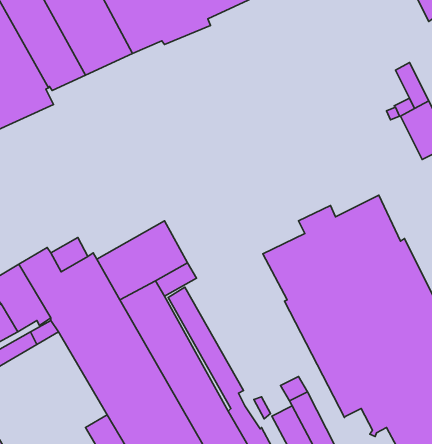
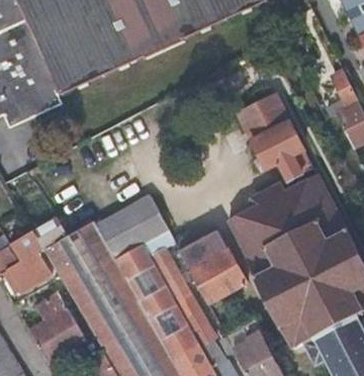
building: none -> [239,94,313,181]
building: none -> [178,229,247,302]
building: none -> [27,293,86,363]

